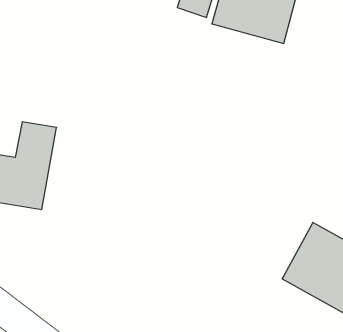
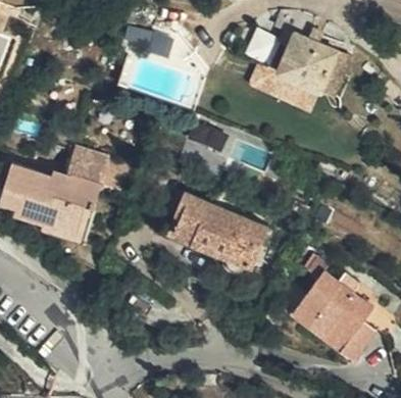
building: none -> [178,194,271,273]

